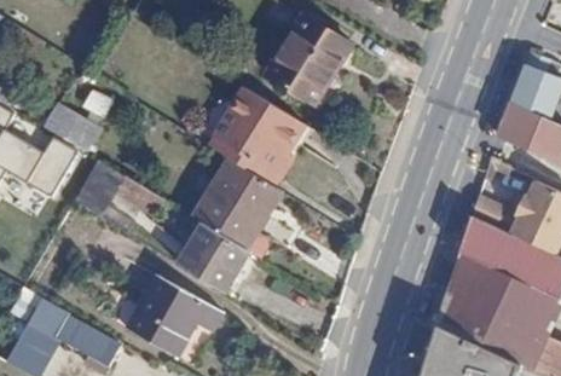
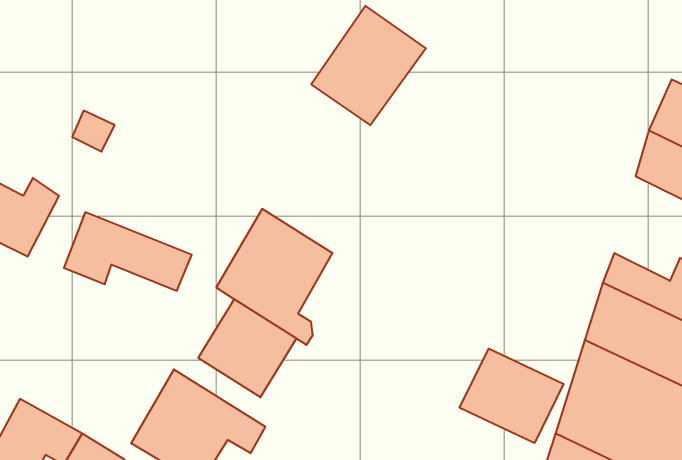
building: [213,86,303,180] -> none
building: [44,103,102,151] -> none
building: none -> [460,349,564,443]

